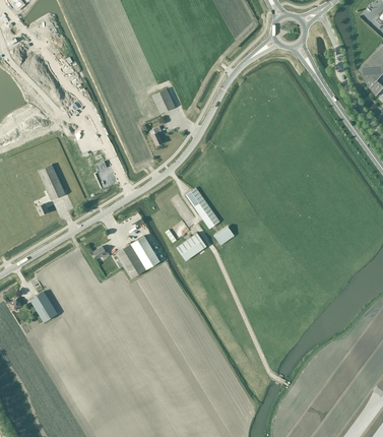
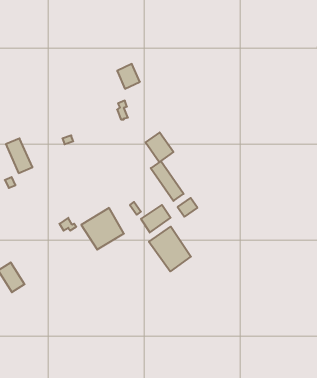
building: none -> [146,132,173,162]
building: none -> [149,227,191,271]

